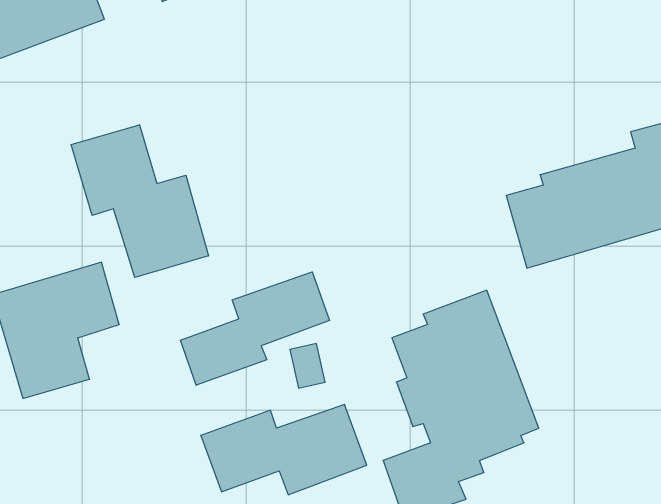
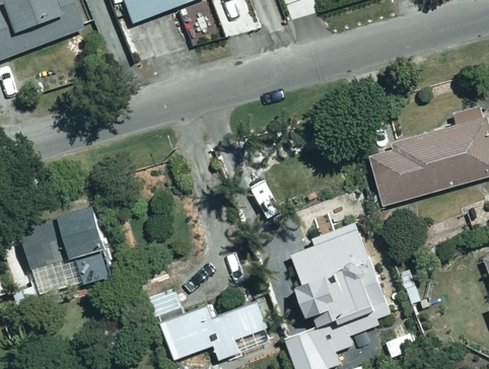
building: [71,125,208,277] -> none
building: [180,272,330,385] -> none

